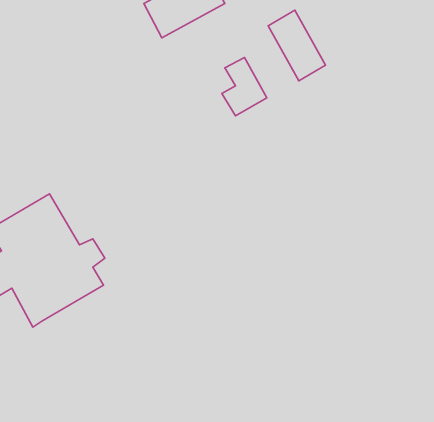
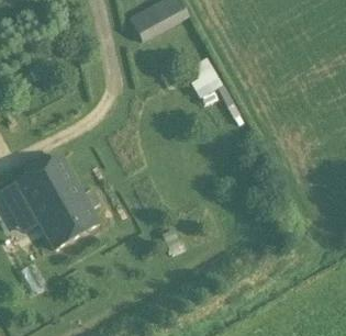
building: [268,10,325,81] -> none

